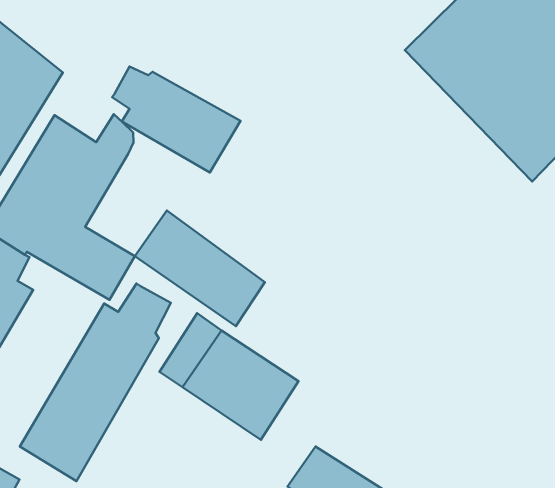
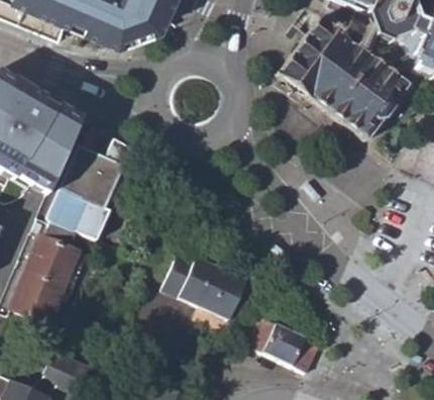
building: [112,66,240,172] -> none
building: [135,210,265,326] -> none
building: [20,284,171,481] -> none

